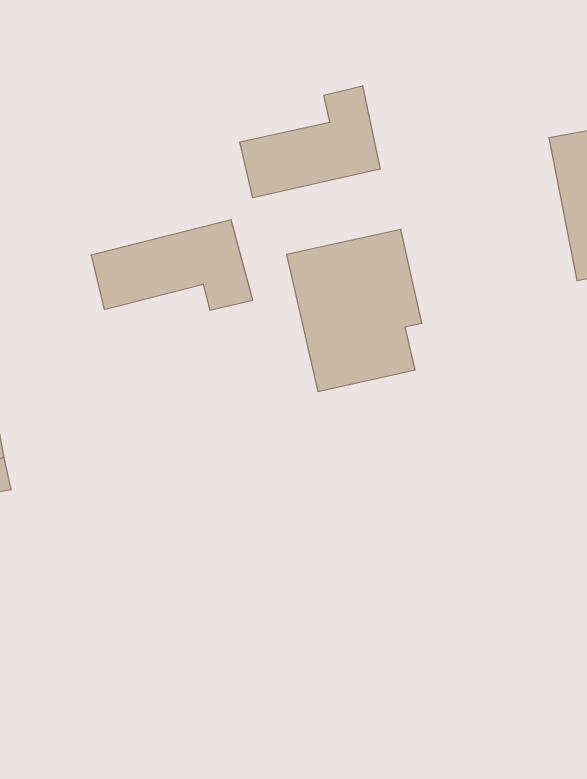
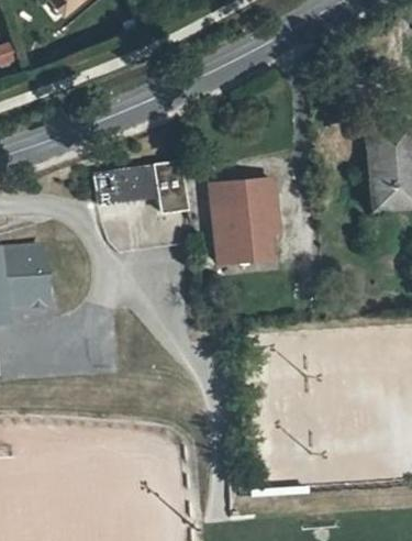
building: [240,86,380,198] -> none

